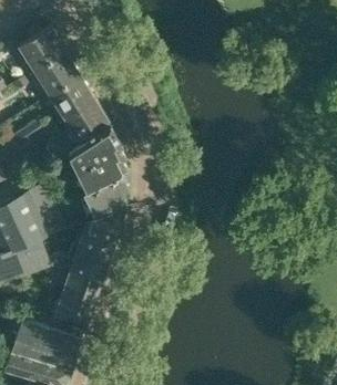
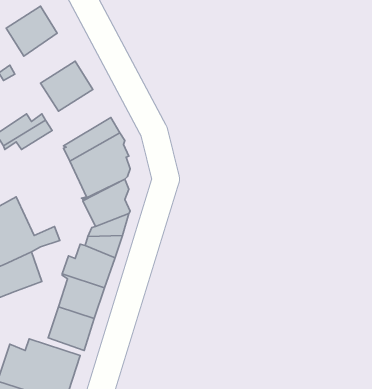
building: [34,50,79,93] -> none
building: [62,98,110,147] -> none

